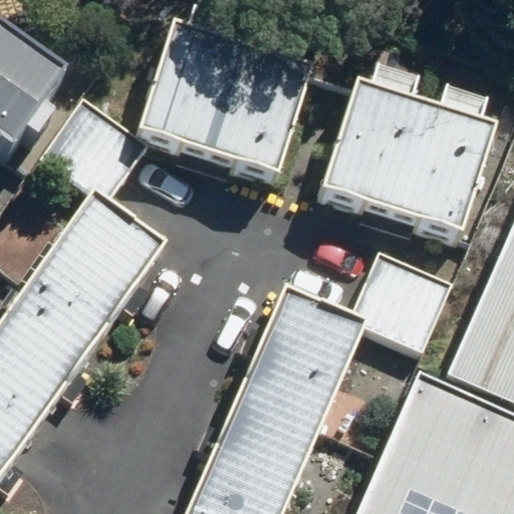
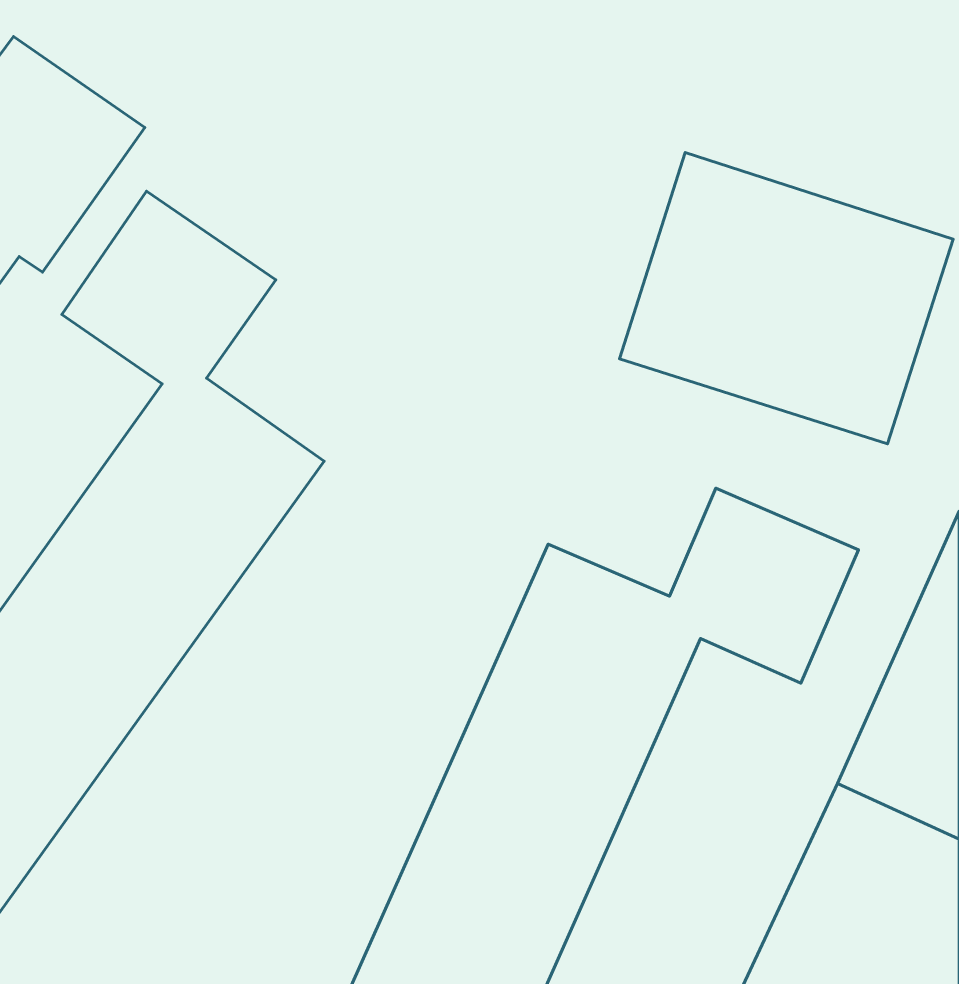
building: [139,20,313,171] -> none

